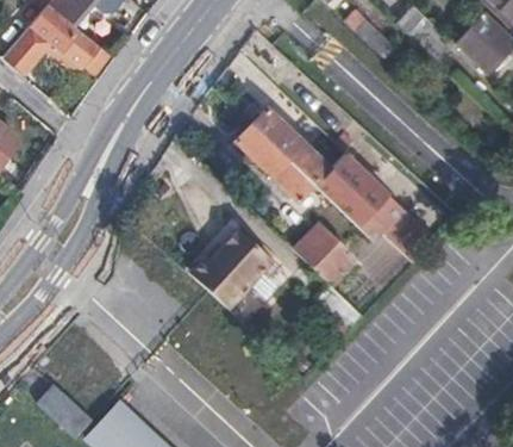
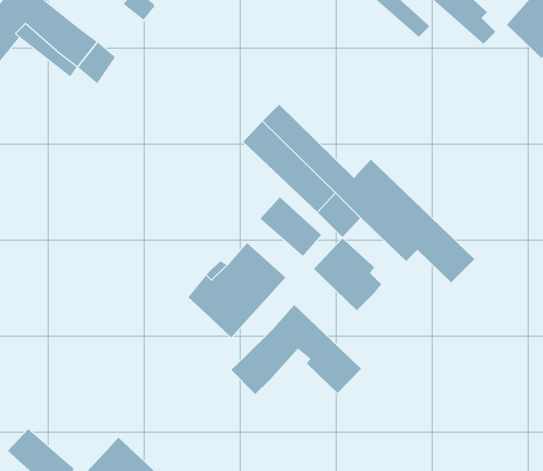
building: none -> [260,196,322,257]
building: none -> [230,304,362,395]

